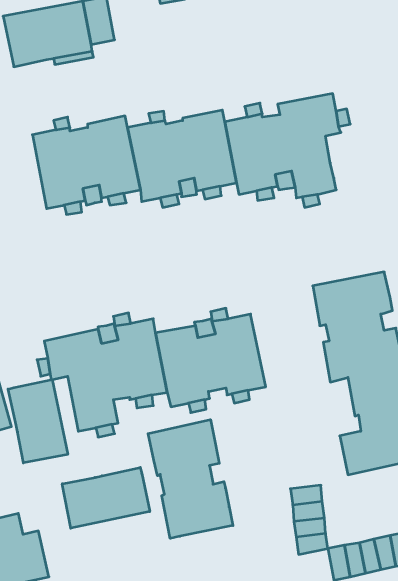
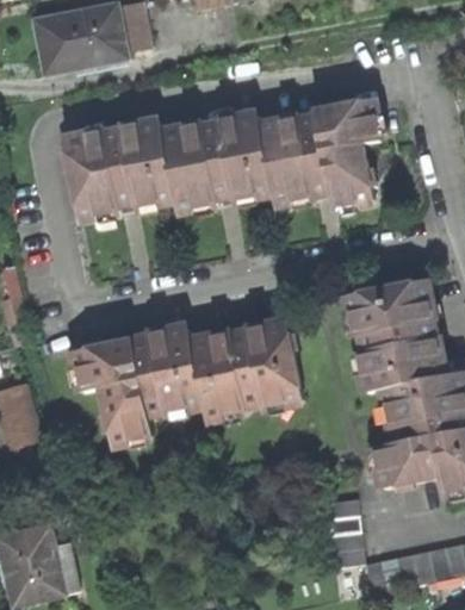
building: [8,380,68,463] -> none
building: [148,420,233,538] -> none
building: [62,467,150,528] -> none

